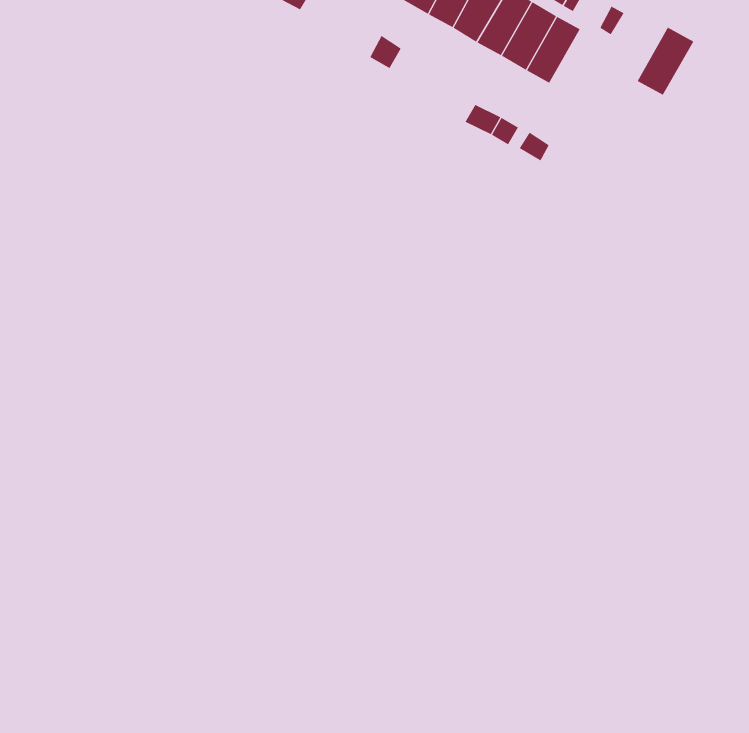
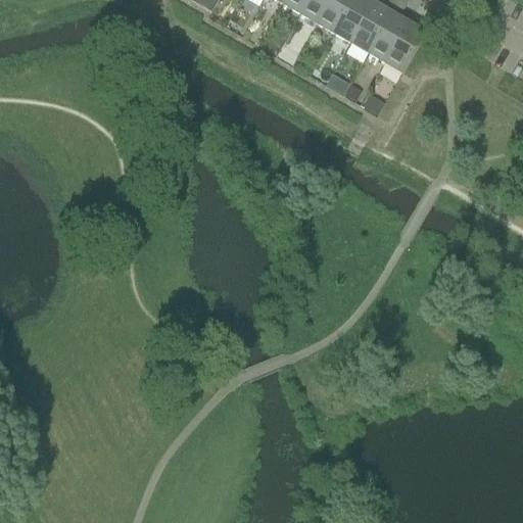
building: [637,27,694,96] -> [383,20,423,68]

